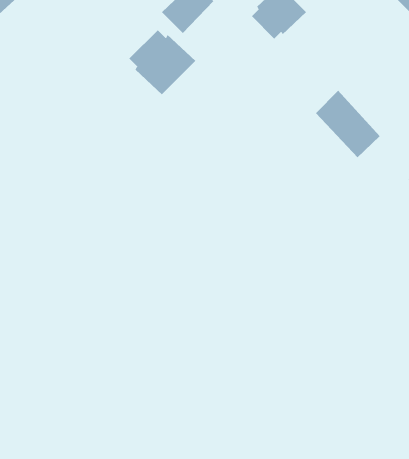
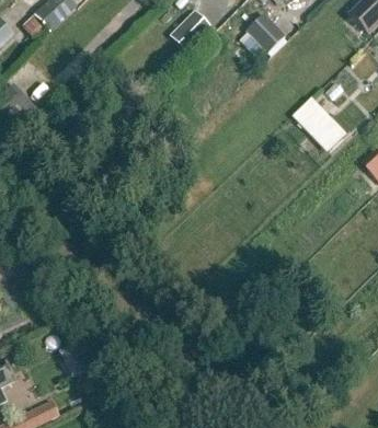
building: [129,29,196,95] -> none

